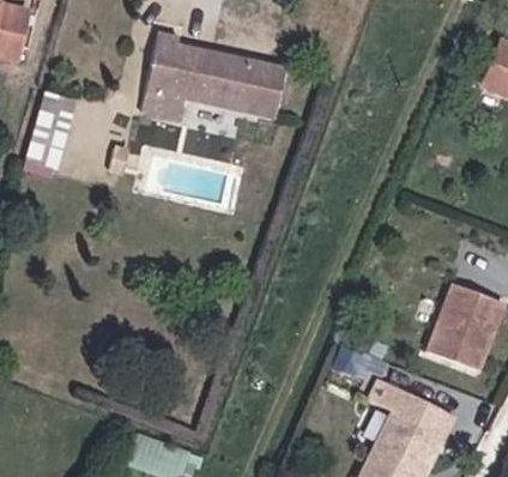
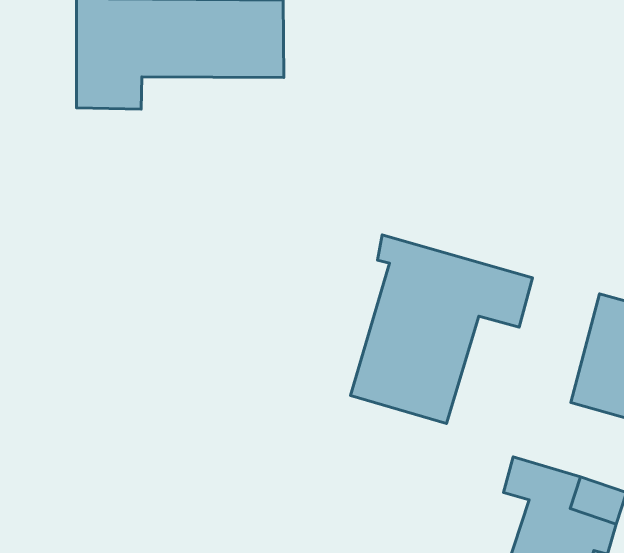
building: none -> [350,235,532,424]

